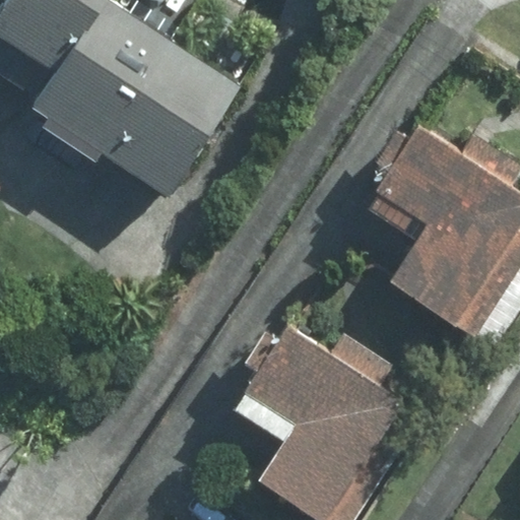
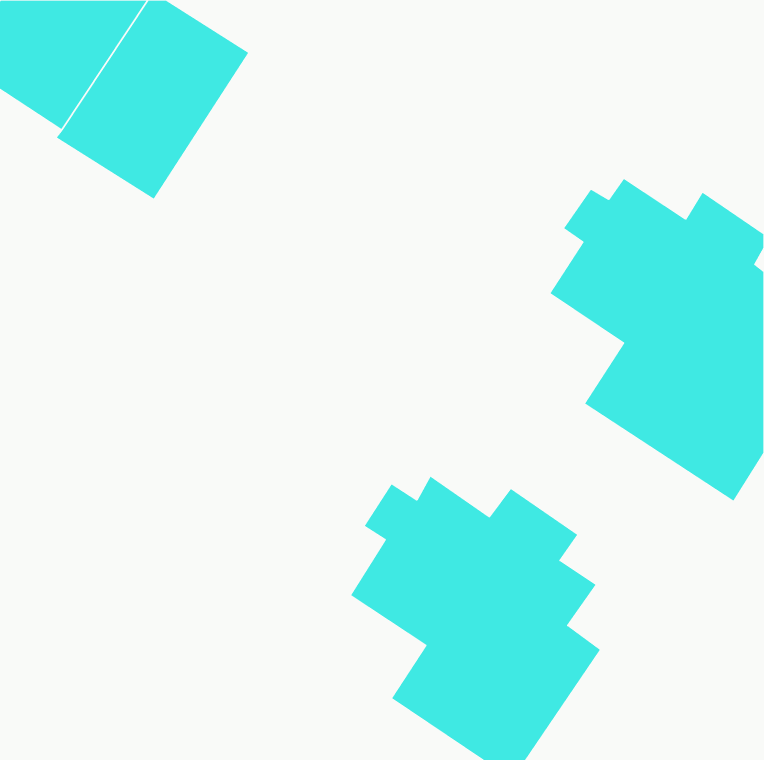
building: [104,44,237,186] -> none

